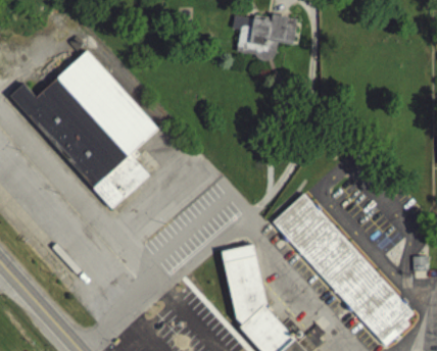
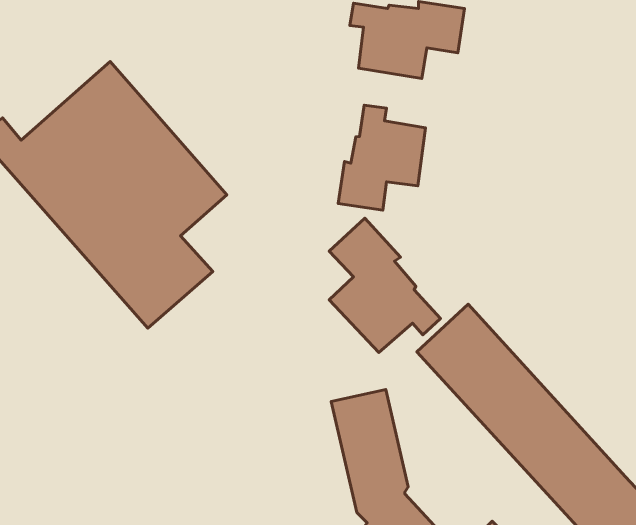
building: none -> [338,105,426,210]
building: none -> [329,218,440,353]

